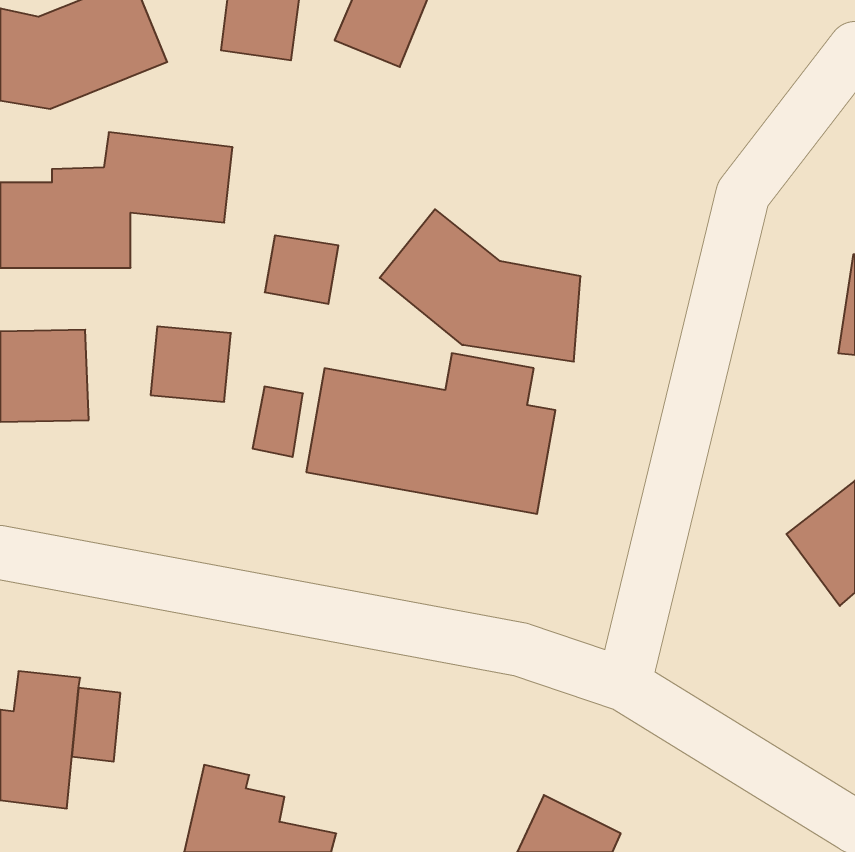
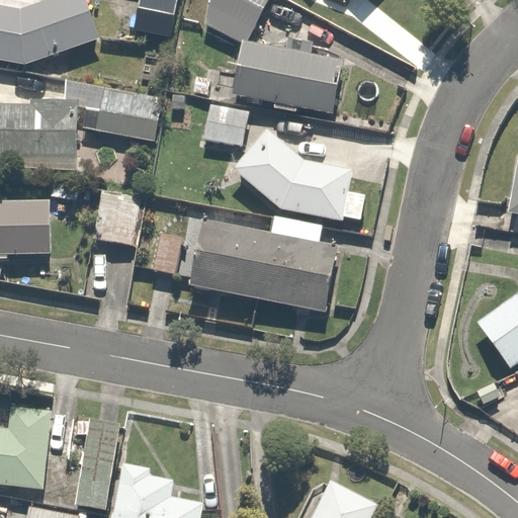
building: none -> [235,42,333,110]
building: [265,235,338,304] -> [202,104,247,146]
building: none -> [71,417,120,509]

